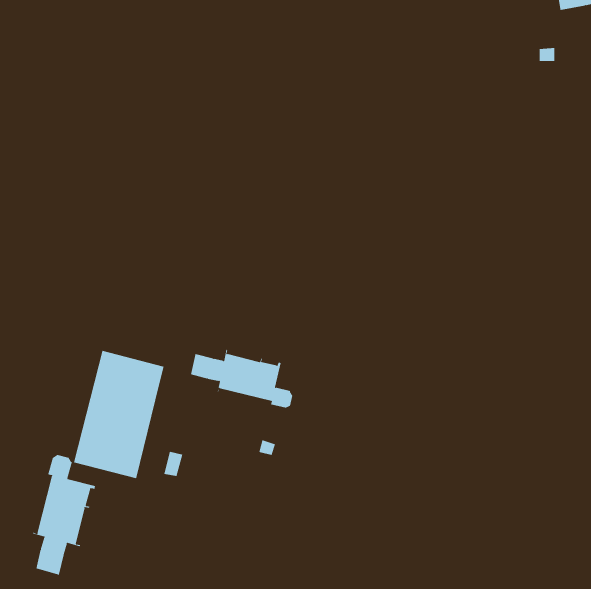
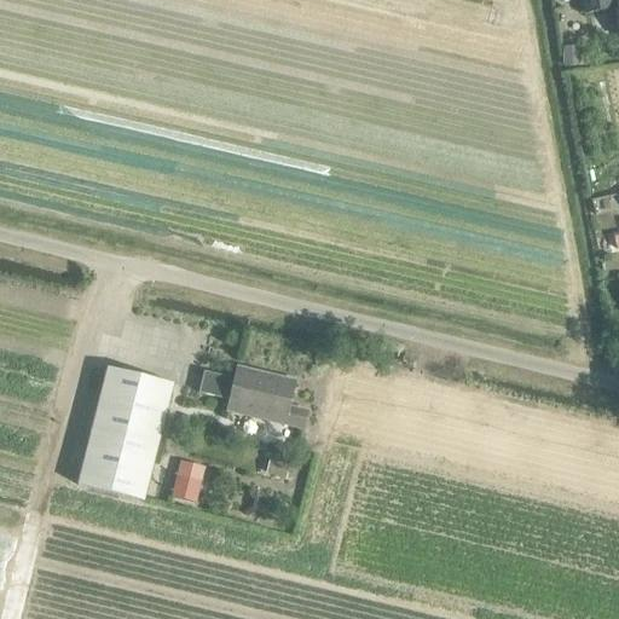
building: [32,454,95,575] -> none

